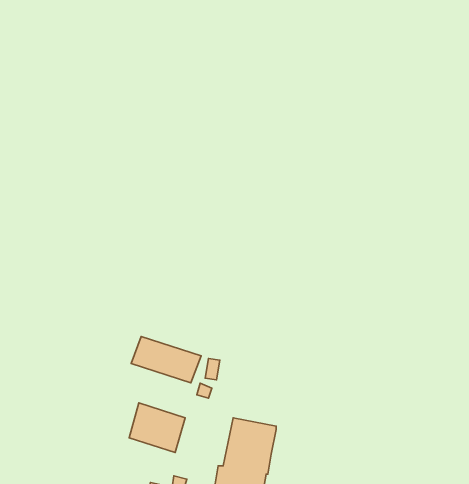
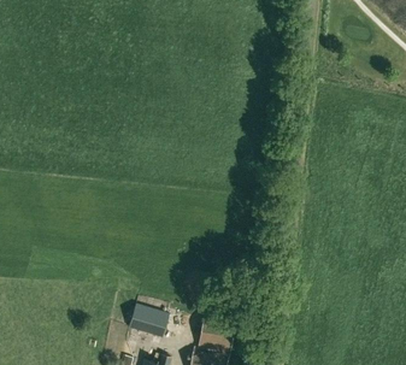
building: [131,337,201,383] -> none

